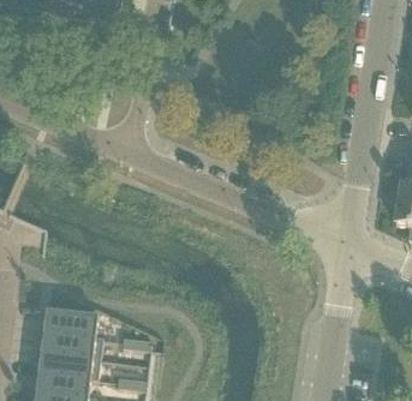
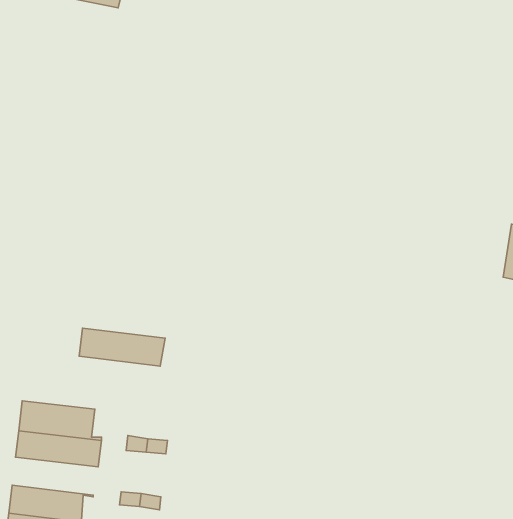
building: [37,348,100,376] -> [79,328,165,366]

